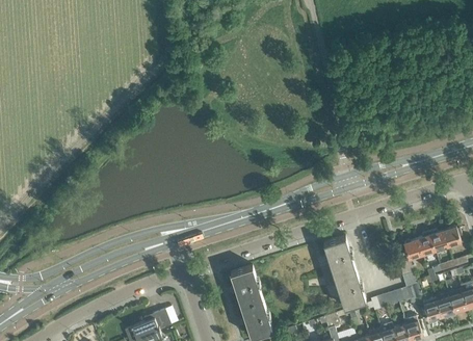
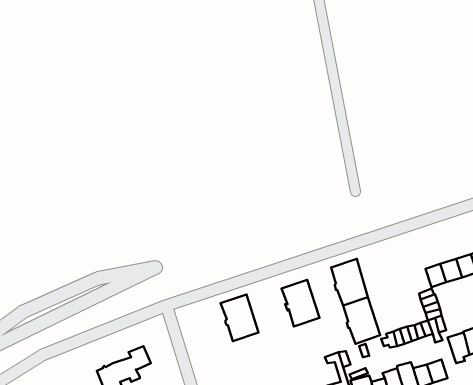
building: [240,295,272,335] -> [281,280,319,326]

